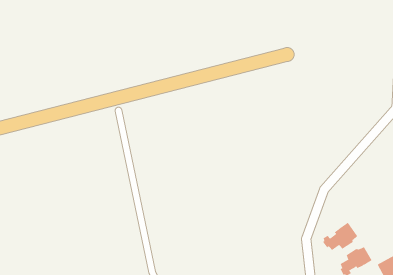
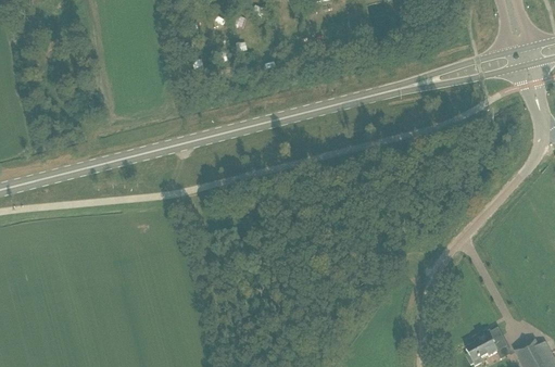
building: [322,222,358,251] -> none

